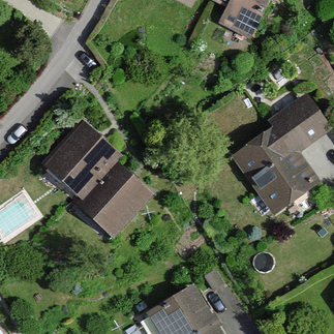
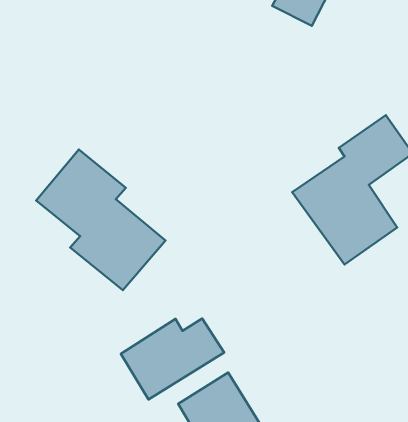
building: none -> [121,319,224,399]

